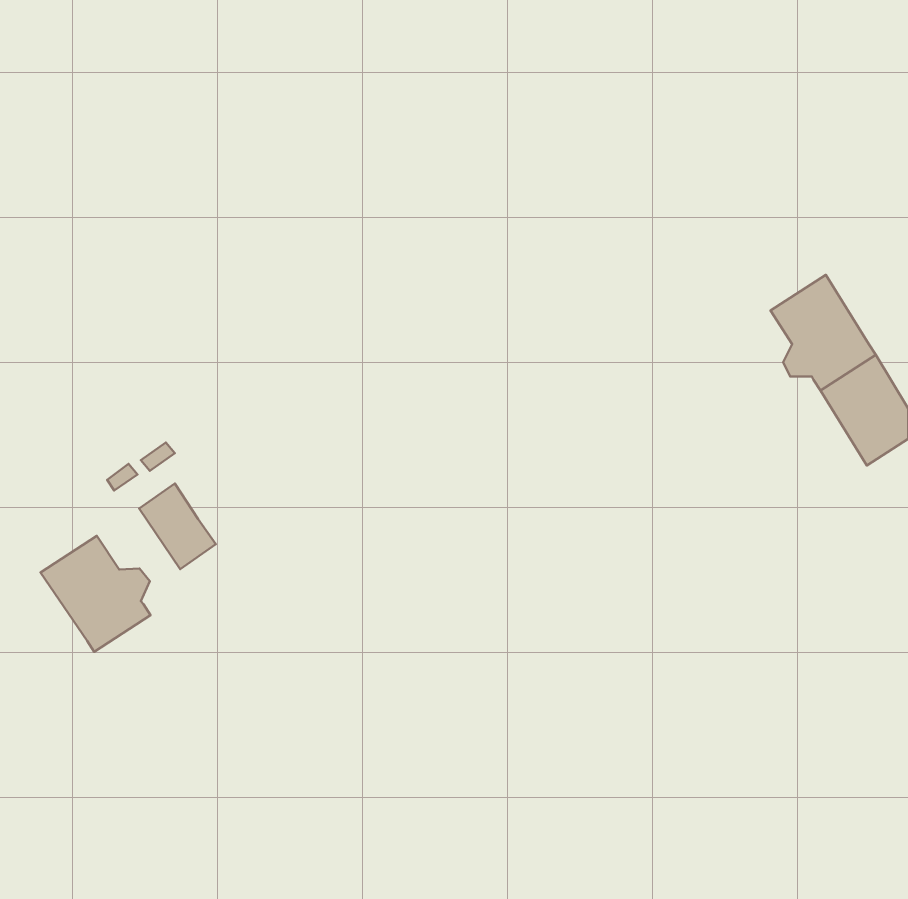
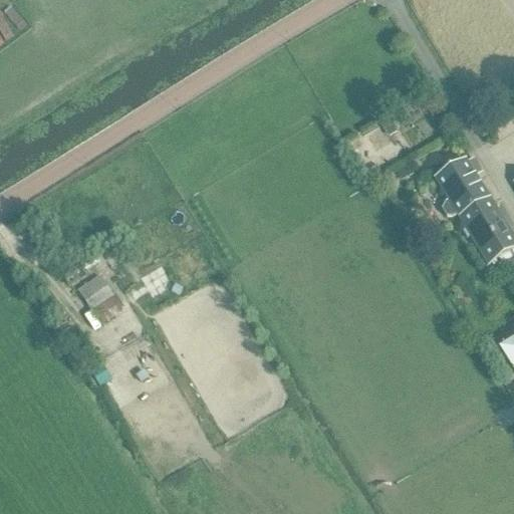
building: [40,536,150,652] -> none

